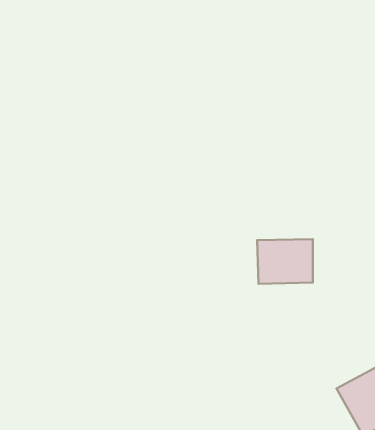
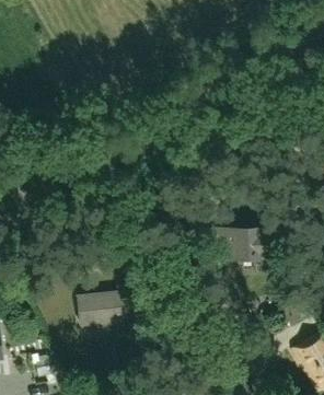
building: none -> [73,290,116,324]

